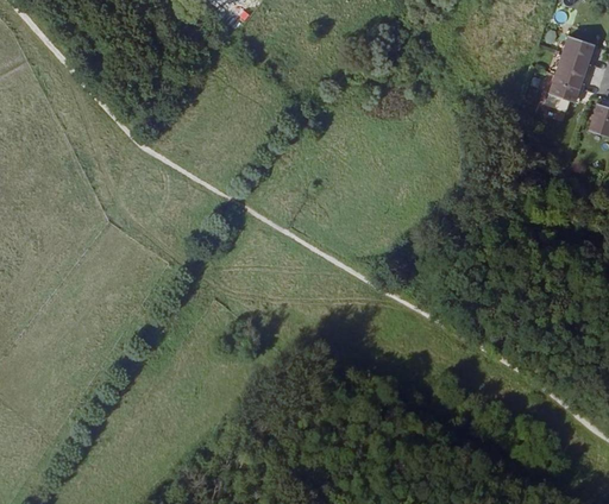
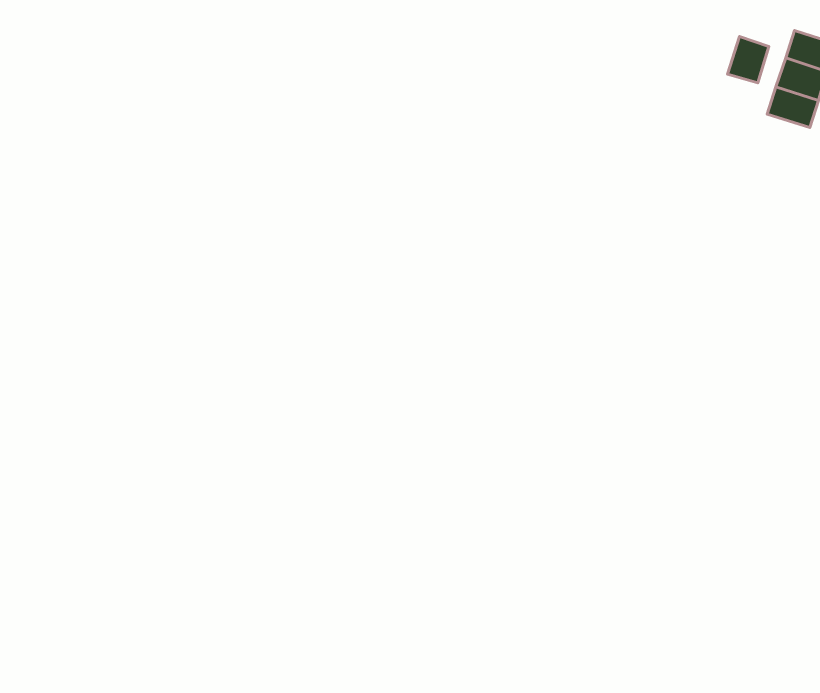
building: none -> [727,37,769,83]

